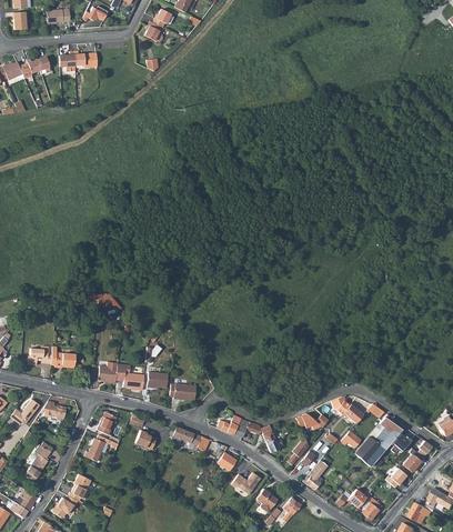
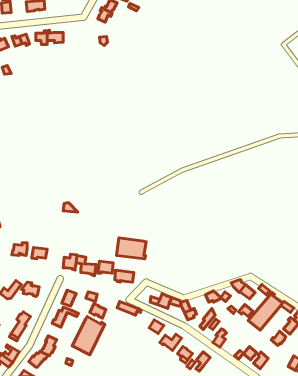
building: none -> [116,238,146,259]
building: none -> [72,317,105,355]

